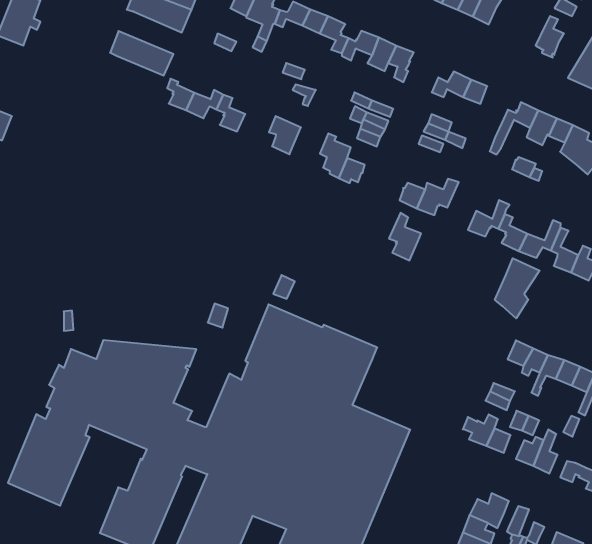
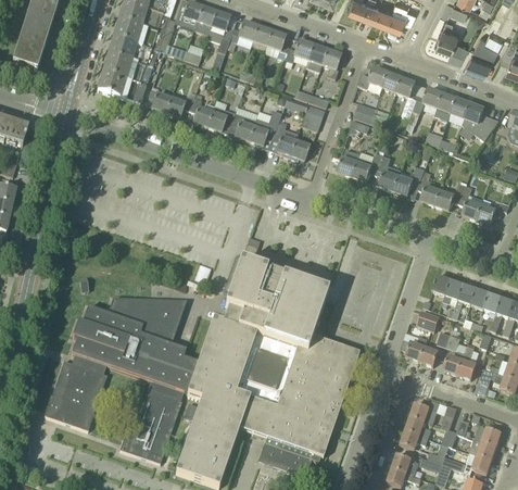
building: none -> [108,35,157,67]
building: none -> [97,70,146,102]
building: none -> [396,76,418,116]
building: none -> [206,104,236,130]
building: none -> [249,117,278,145]
building: [389,213,421,260] -> [376,153,401,190]
building: [495,258,540,318] -> none

